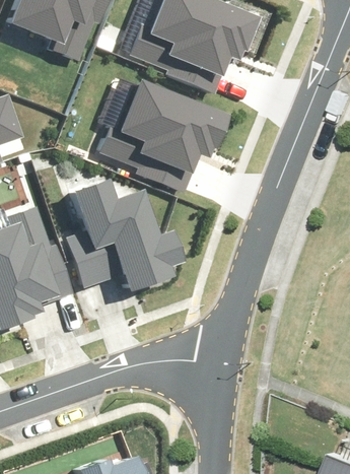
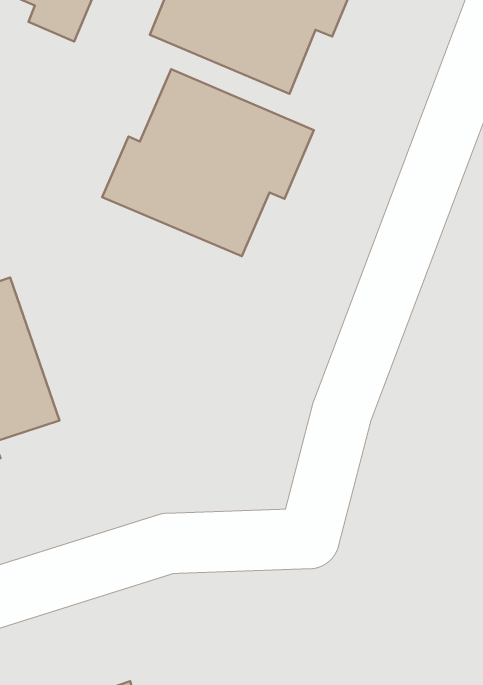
building: [61,178,186,297] -> none

